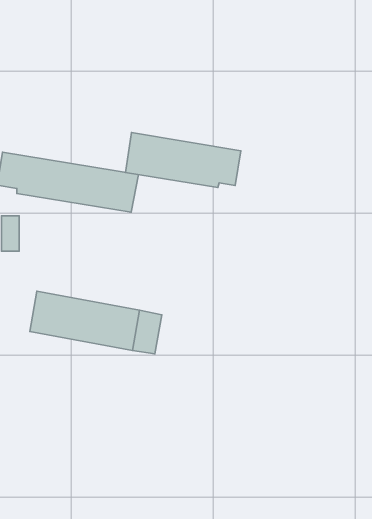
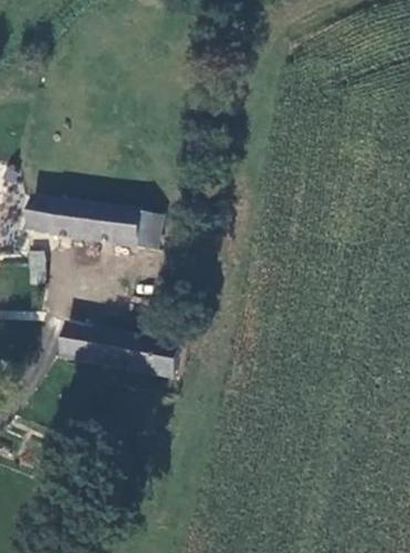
building: [126,133,241,188] -> none

